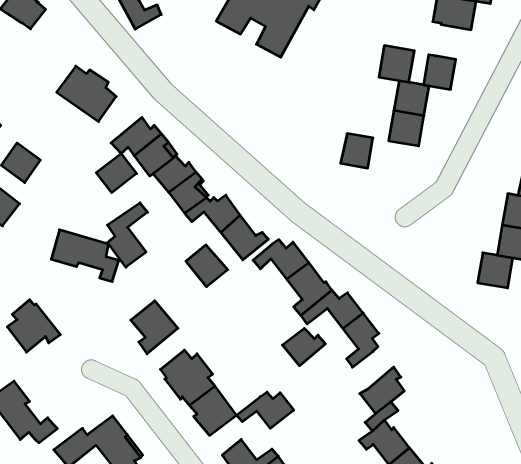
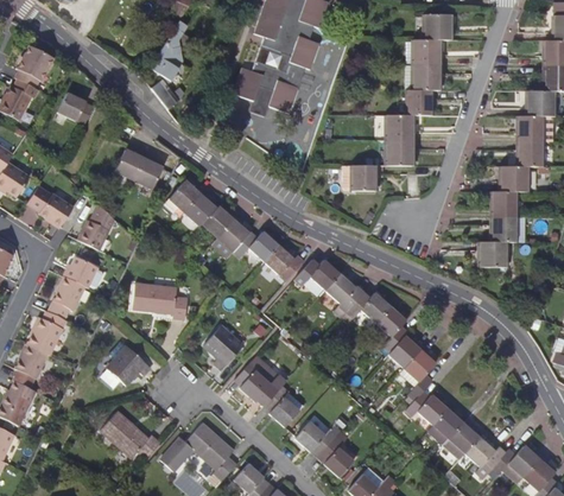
building: [379,46,414,82] -> [414,63,439,89]
building: [96,153,137,193] -> none
building: [107,203,148,267] -> none
building: [186,245,228,287] -> none
building: [282,328,325,366] -> [389,336,424,367]
building: [237,392,294,428] -> none

